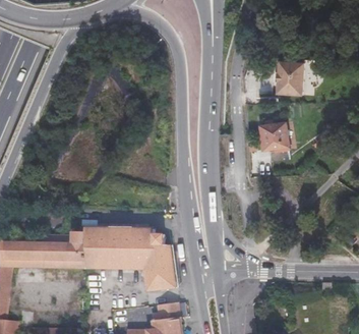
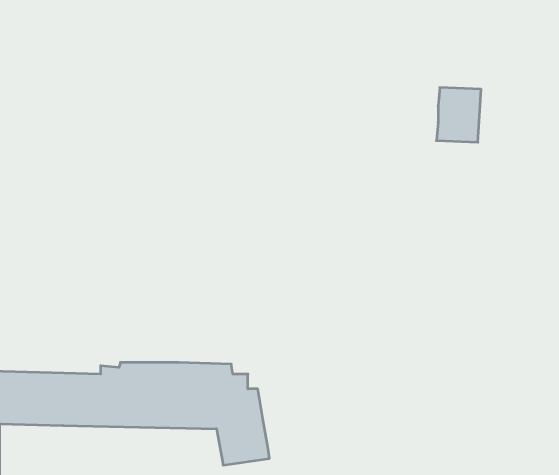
building: [260,122,288,148] -> none

